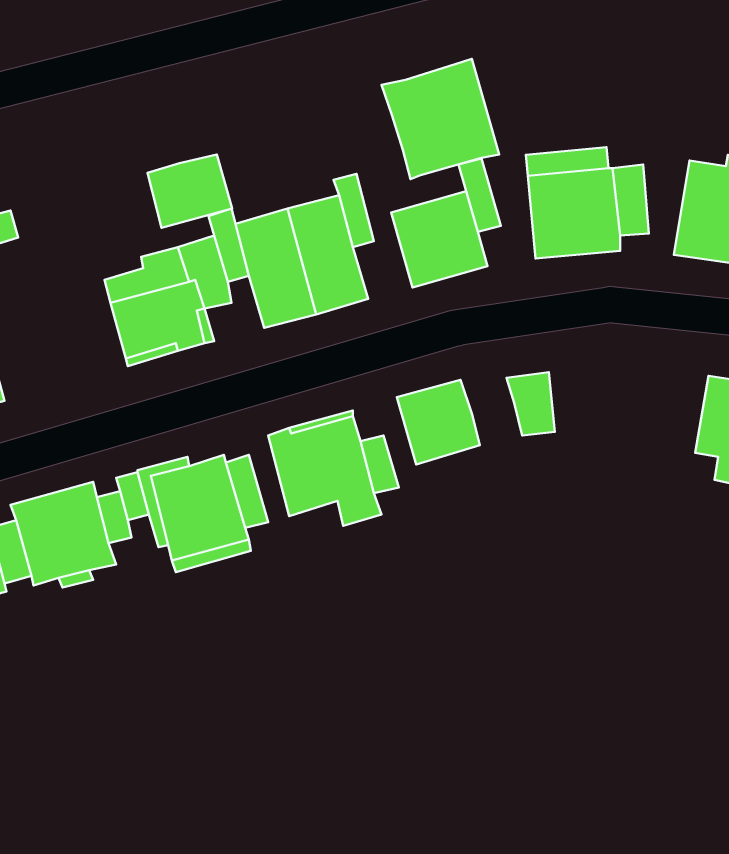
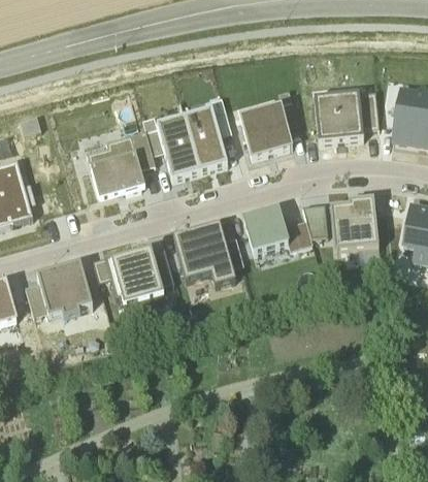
building: [381,59,499,179] -> none
building: [148,155,232,228] -> none
building: none -> [329,197,378,251]
building: none -> [284,219,312,249]

